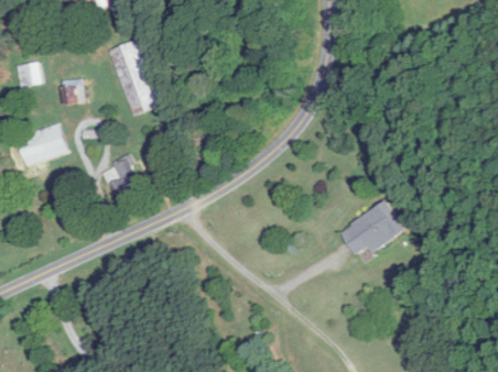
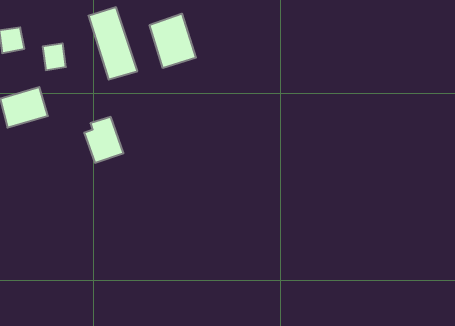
building: none -> [150,14,196,68]
building: [339,201,404,254] -> none

